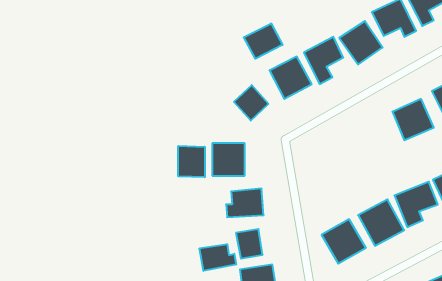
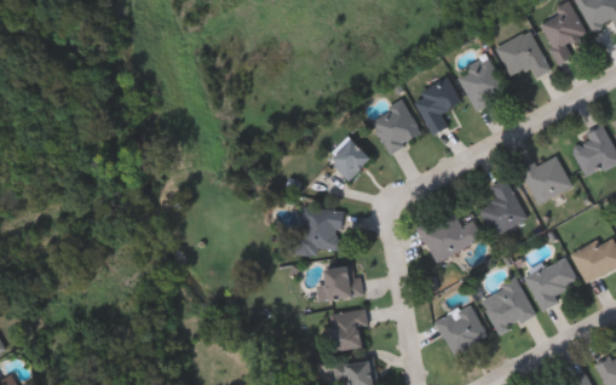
building: [244,23,283,59] -> none
building: none -> [479,178,526,235]
building: none -> [416,209,480,262]
building: [178,146,205,177] -> none
building: [200,244,236,271] -> none

